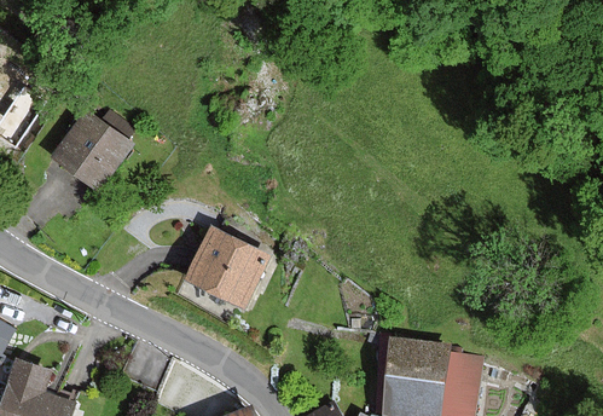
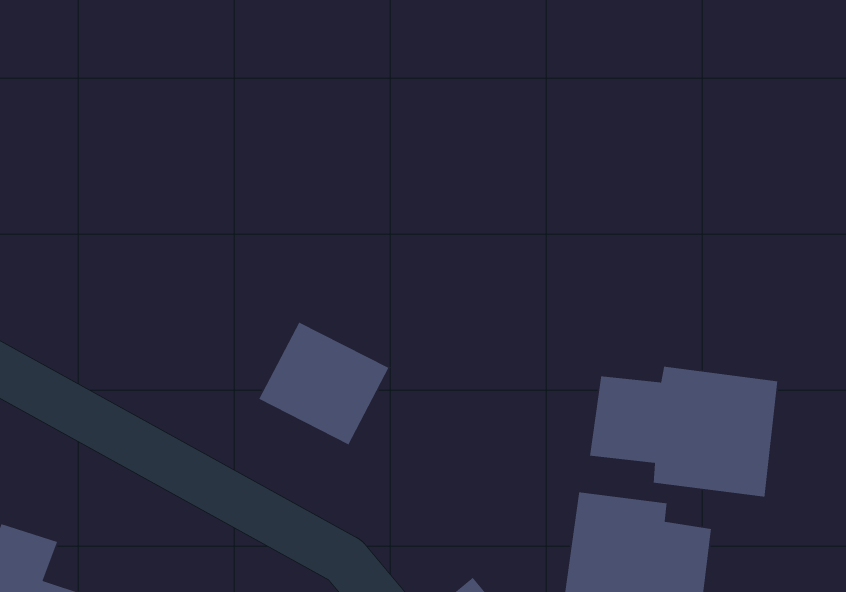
building: [48,106,131,189] -> none
building: none -> [589,366,778,498]

